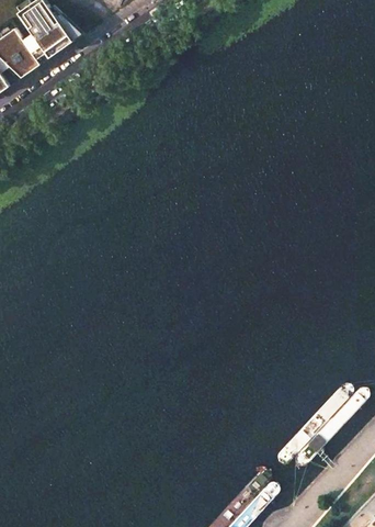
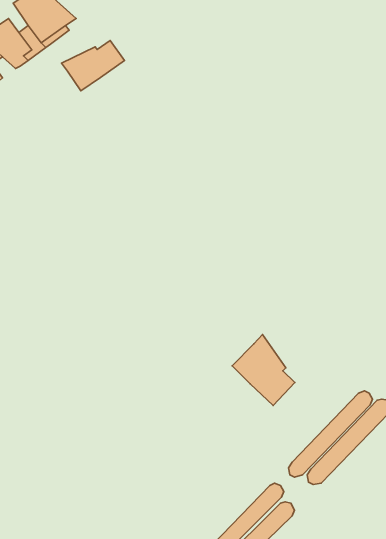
building: none -> [61,41,124,91]
building: none -> [232,335,295,406]

